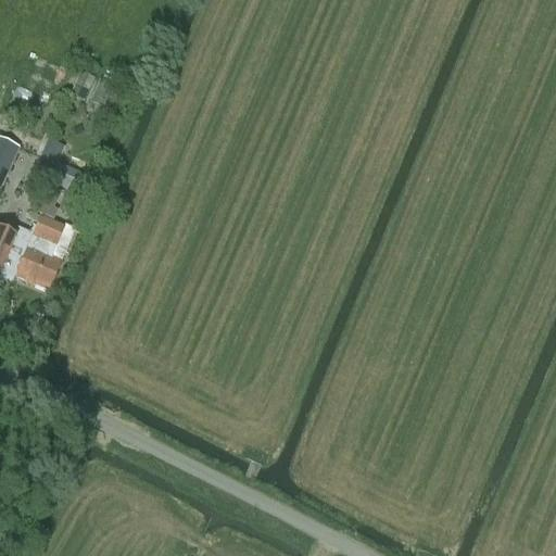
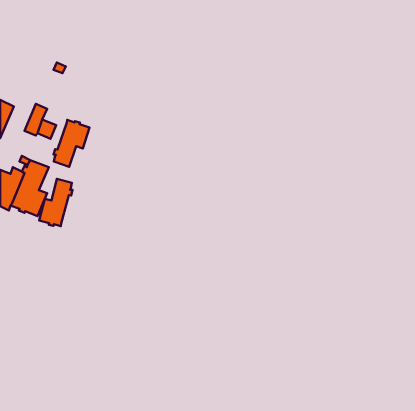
building: none -> [53,120,90,167]
building: none -> [39,179,73,226]

